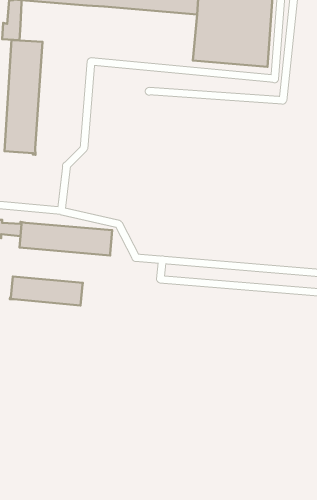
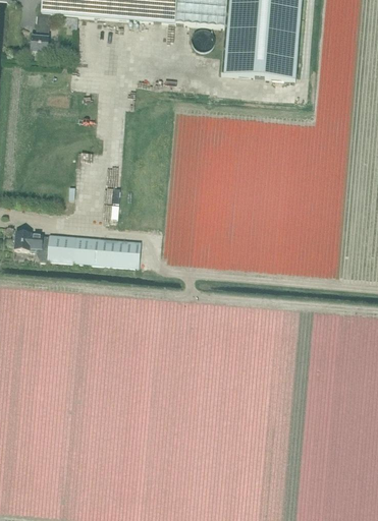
building: [5,40,43,155] -> none
building: [10,277,83,306] -> none

